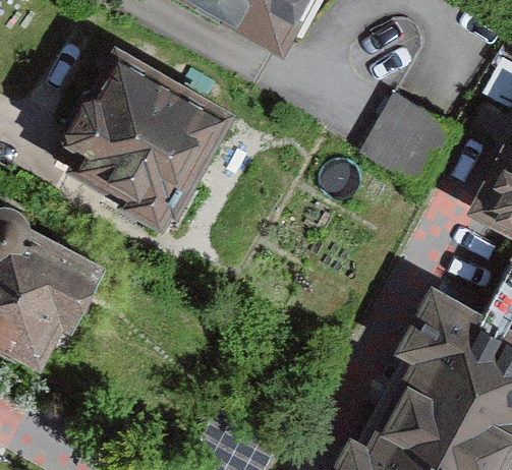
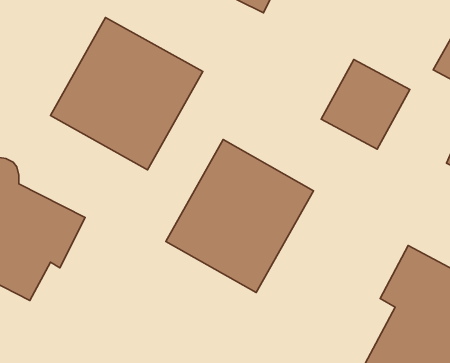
building: none -> [166,139,314,293]

